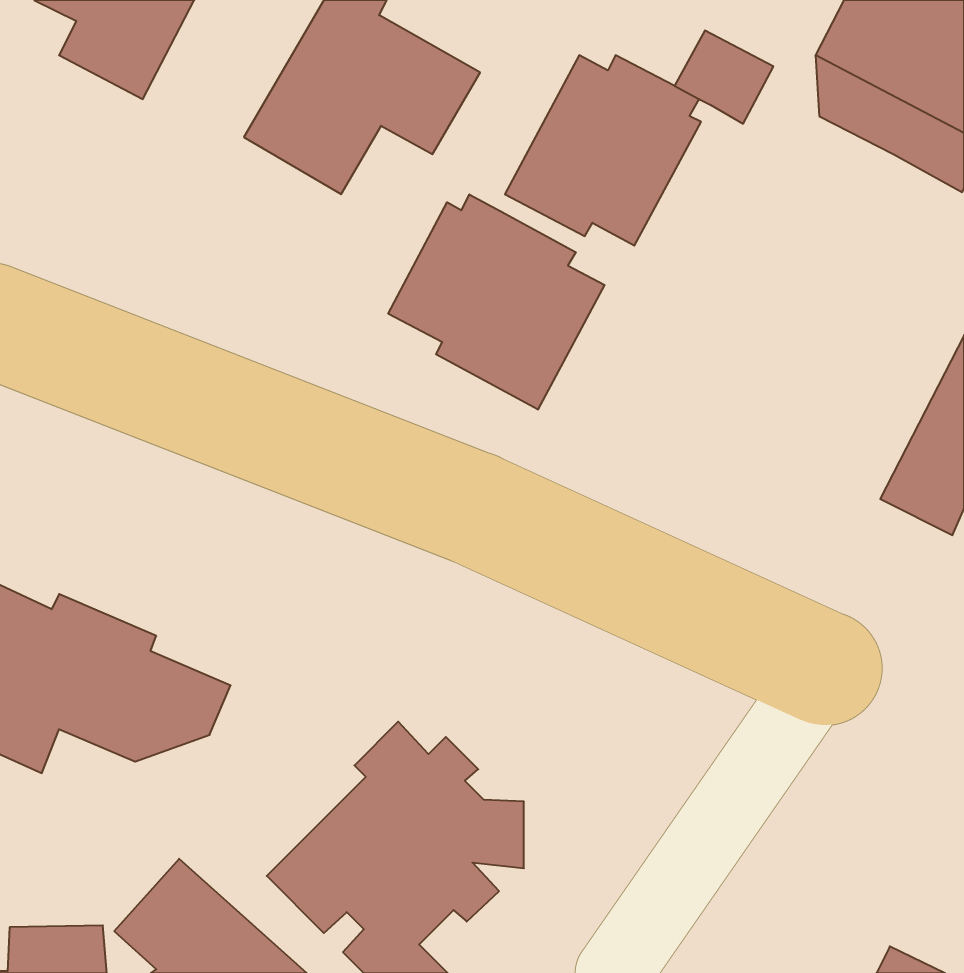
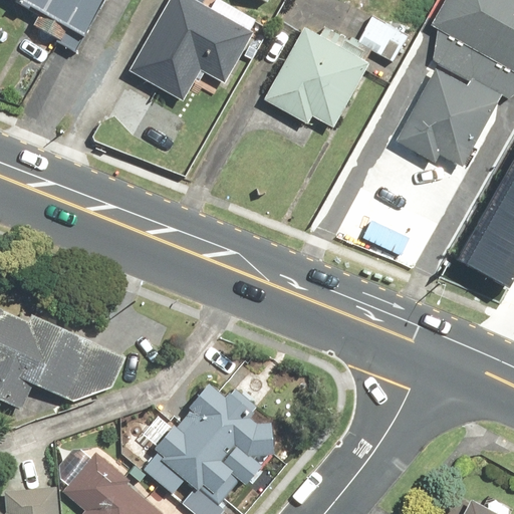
building: none -> [397,70,500,168]
building: [388,194,605,410] -> none

